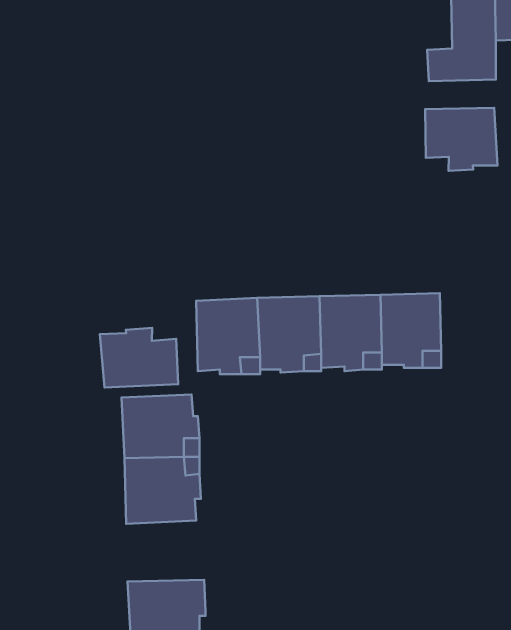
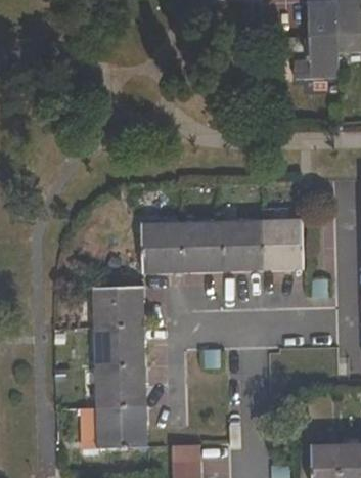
building: [425,108,498,171] -> none
building: [100,328,178,388] -> none
building: none -> [95,370,146,409]

